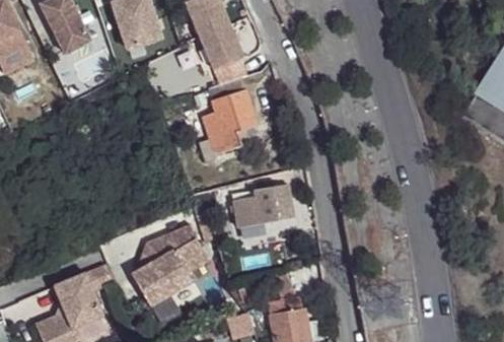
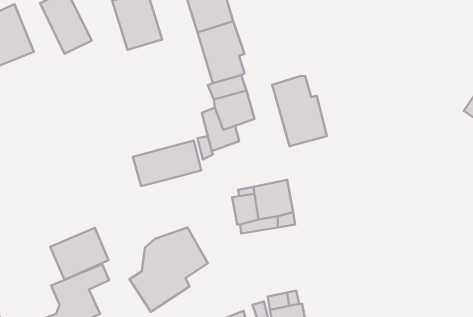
building: none -> [272,76,327,146]
building: none -> [133,141,201,186]
building: none -> [50,228,108,280]

